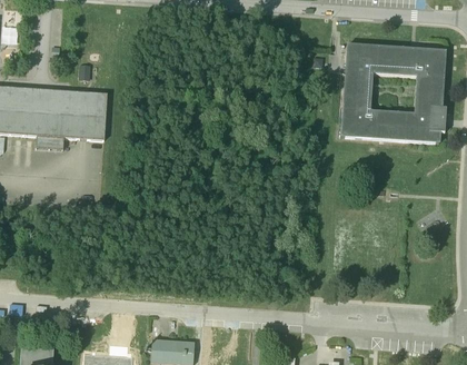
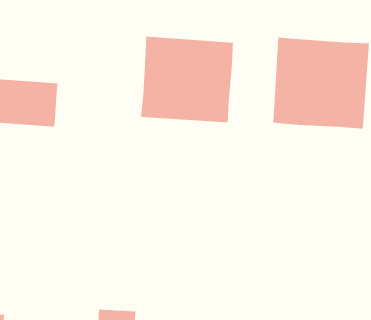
building: none -> [141,36,233,123]

